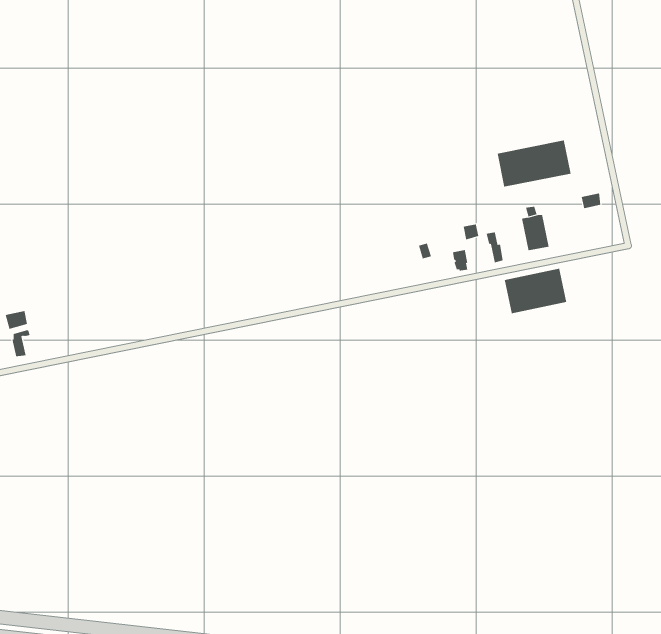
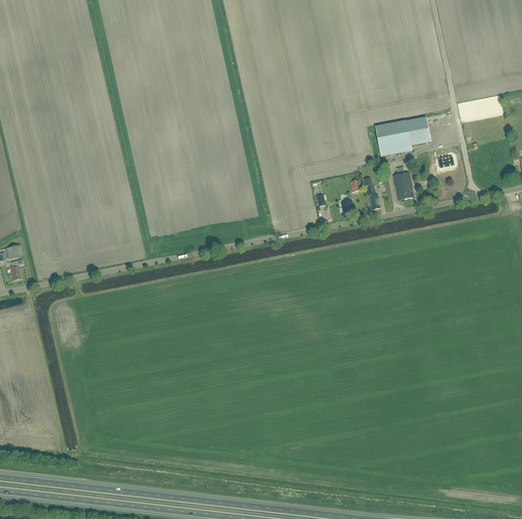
building: [504,268,567,314] -> none

